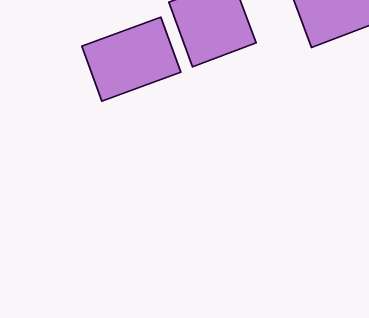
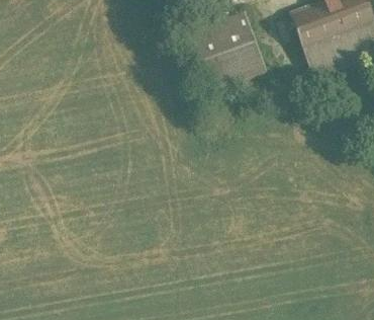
building: [82,17,181,101] -> none

